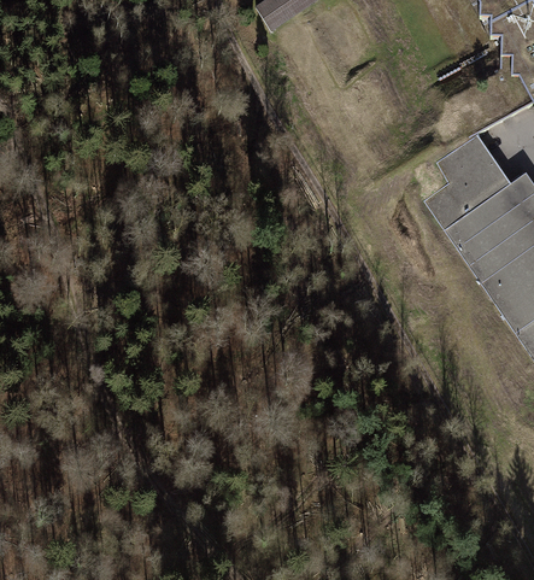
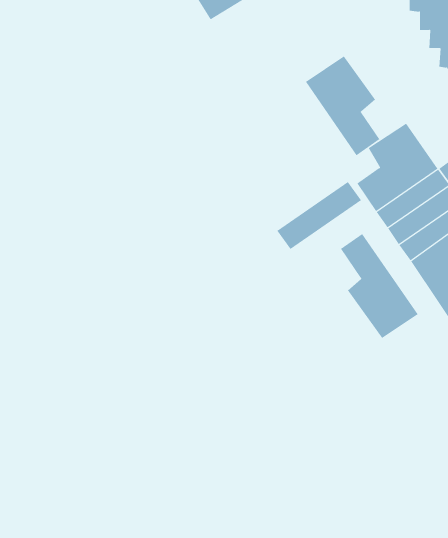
building: none -> [305,55,380,156]
building: none -> [277,181,362,250]
building: none -> [340,233,418,339]

